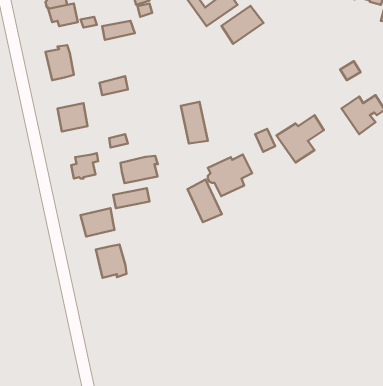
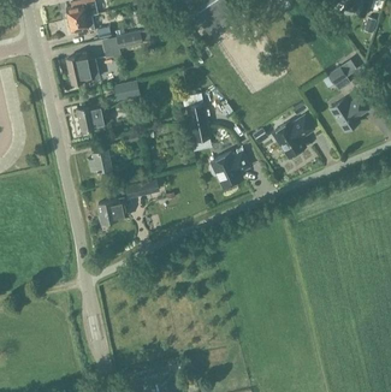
building: [221,6,263,44] -> none
building: [121,156,158,183] -> none
building: [187,180,222,222] -> none
building: [96,245,127,278] -> none

